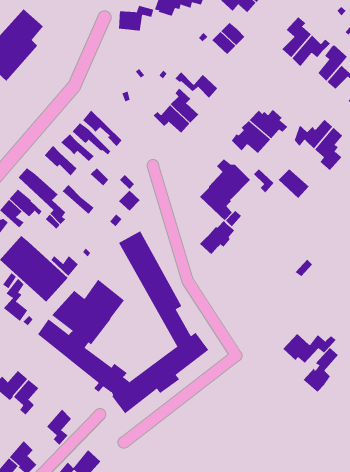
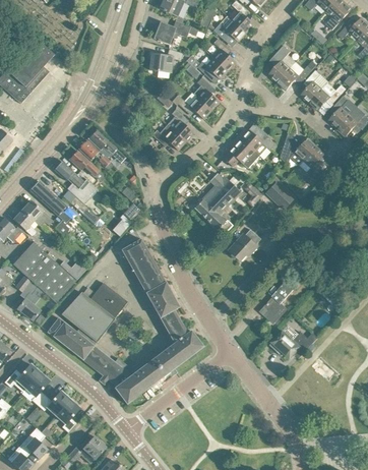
building: [118,5,154,31] -> [150,49,183,72]
building: none -> [194,77,220,110]
building: [199,220,235,255] -> [228,229,260,260]
building: [303,347,339,392] -> [260,282,293,322]
building: none -> [38,391,70,415]

